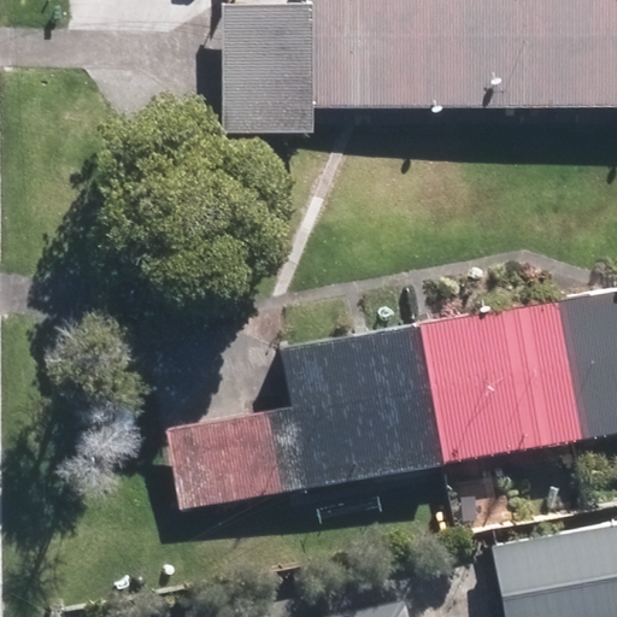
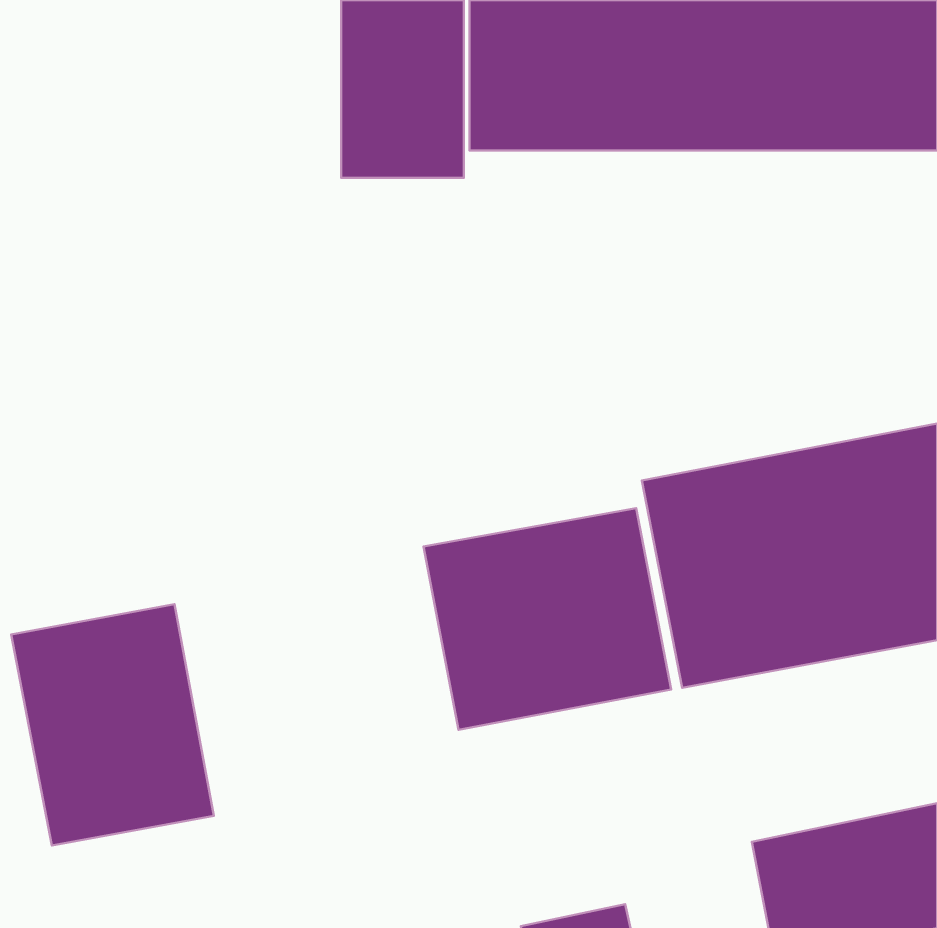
building: none -> [11,604,214,846]
building: [168,409,299,509] -> none

